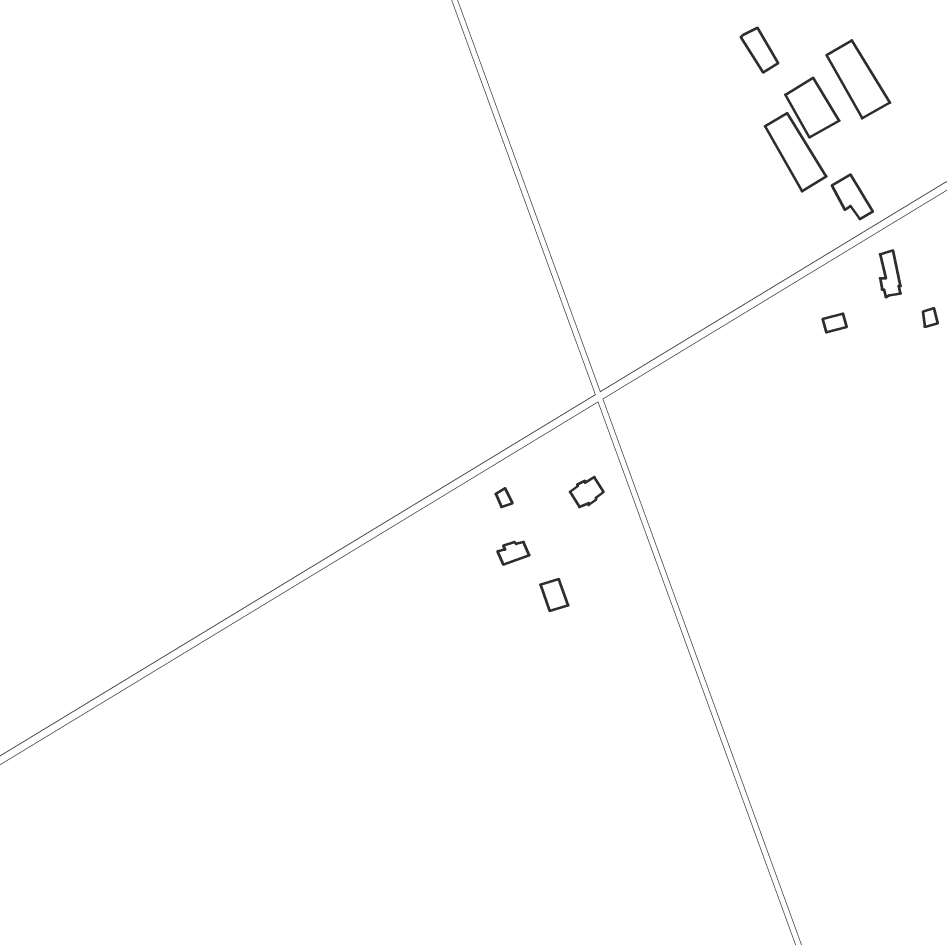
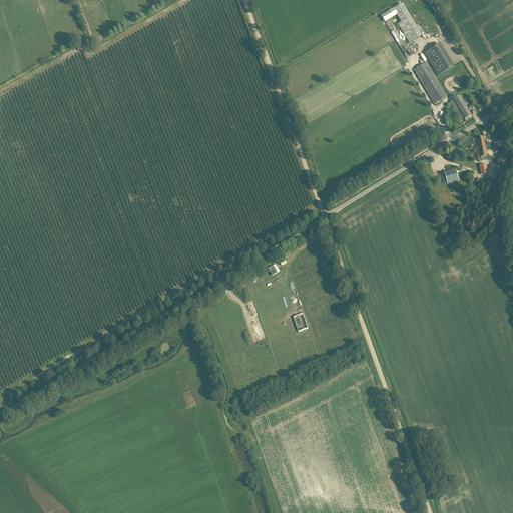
building: [827,40,890,118] -> none

